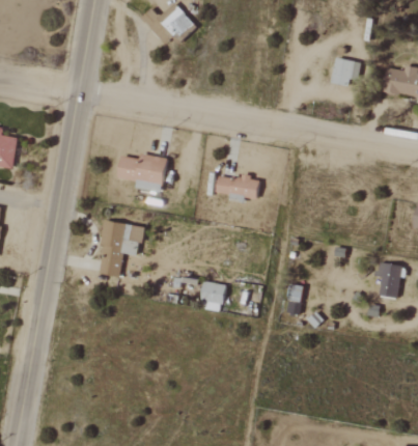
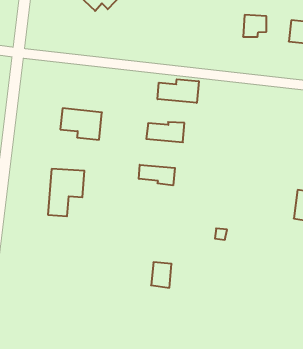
building: none -> [158,79,199,103]
building: none -> [139,165,175,185]
building: [201,281,226,311] -> [151,262,172,288]

